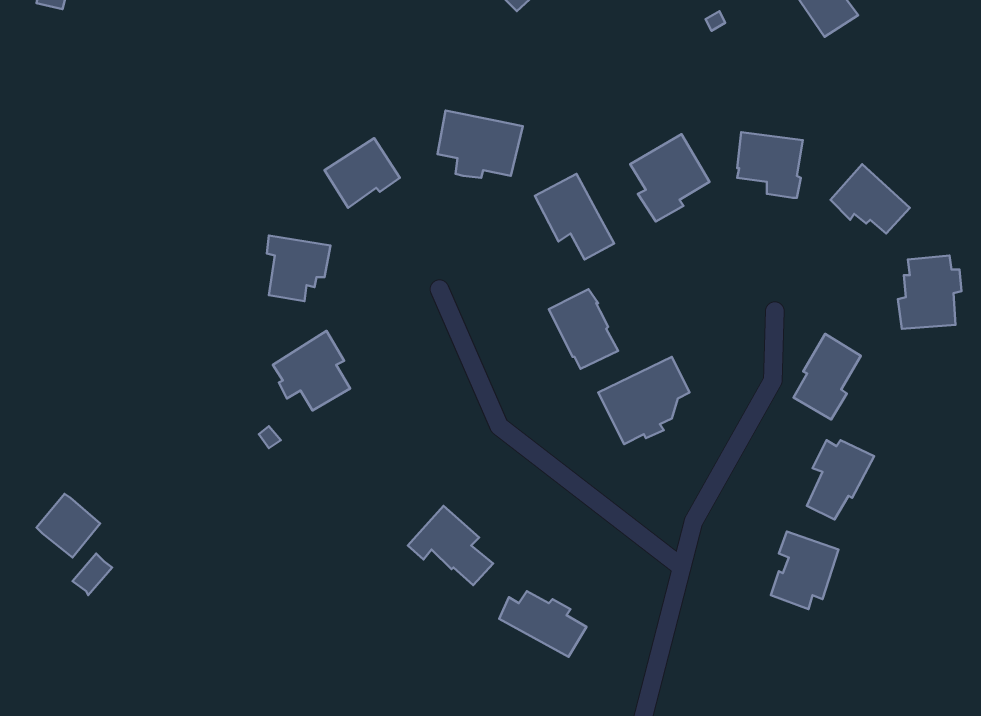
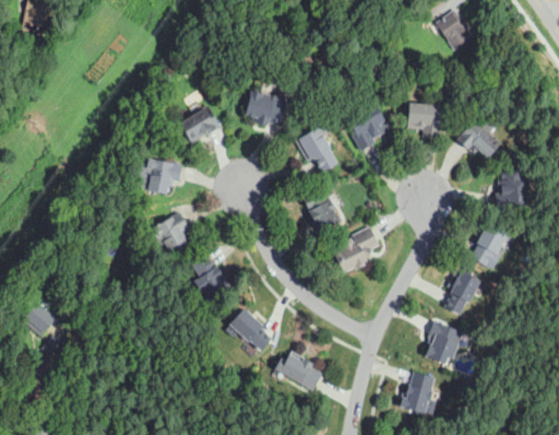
building: [793,334,861,419] -> [471,222,508,269]
building: none -> [191,255,227,301]
building: none -> [400,372,437,415]

